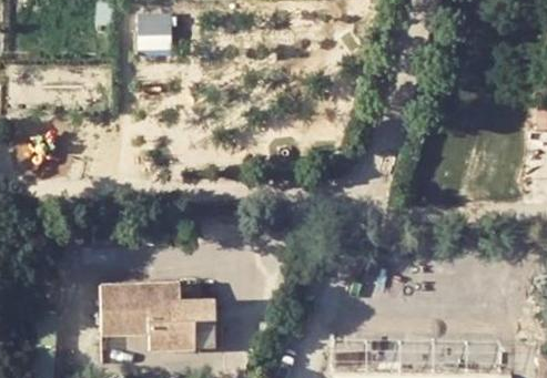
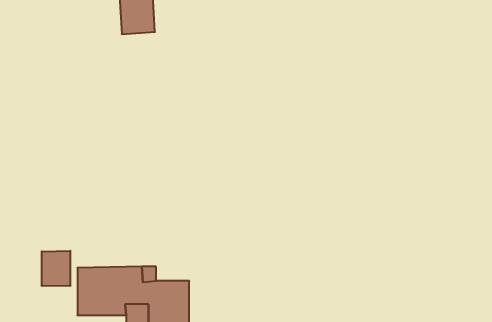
building: none -> [42,251,70,286]

